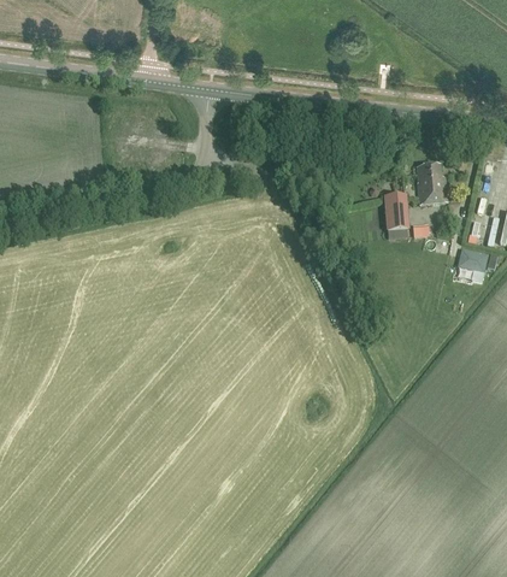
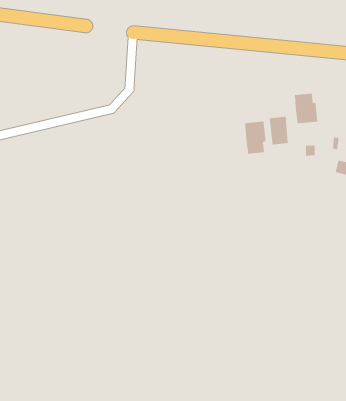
building: none -> [244,120,266,154]

